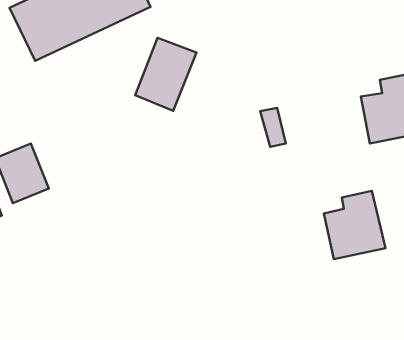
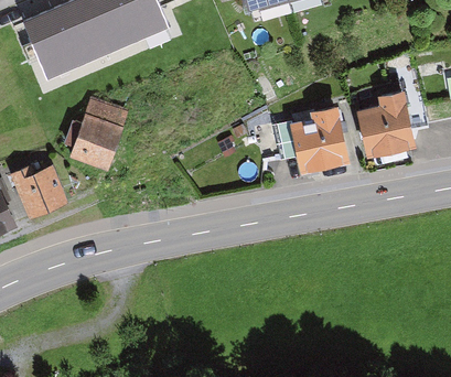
building: [135,38,197,111] -> [68,97,129,169]
building: [324,191,385,259] -> [308,105,368,172]

